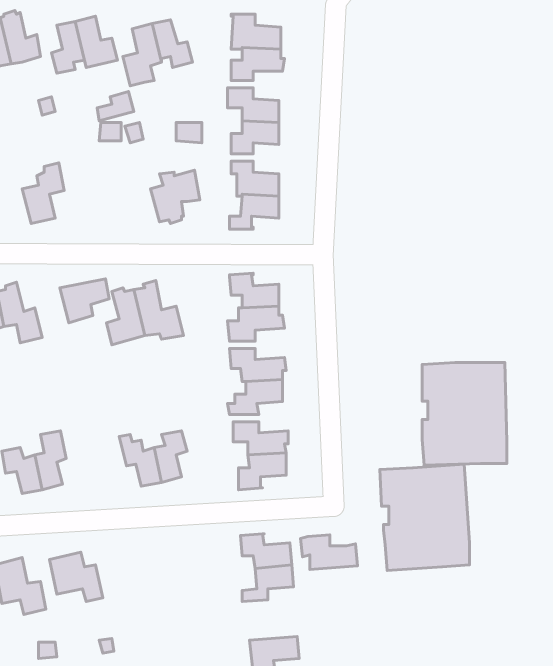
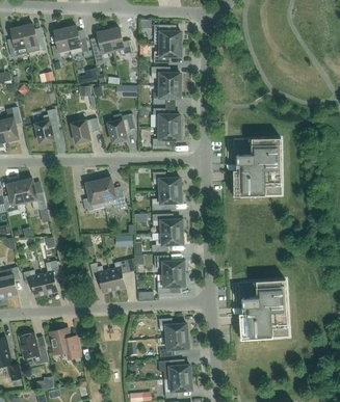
building: [60,279,109,323] -> [71,117,99,142]
building: [422,363,507,465] -> [233,137,281,195]
building: [301,535,357,570] -> [158,358,190,378]

